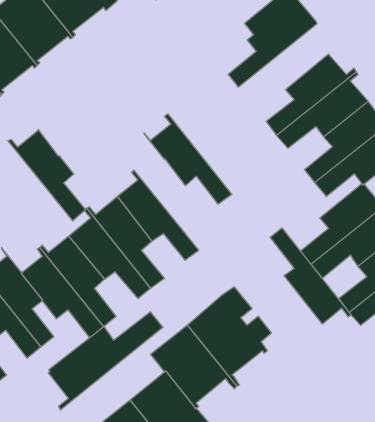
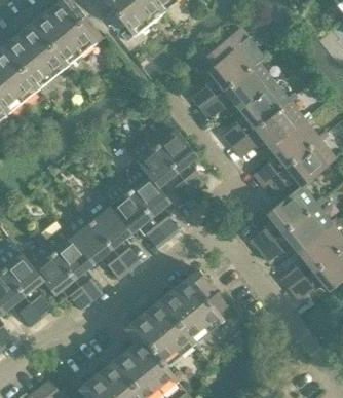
building: none -> [200,57,273,119]
building: none -> [144,114,205,194]
building: [8,129,85,221] -> [116,166,179,240]
building: [270,228,351,324] -> none
building: [48,312,163,410] -> none

